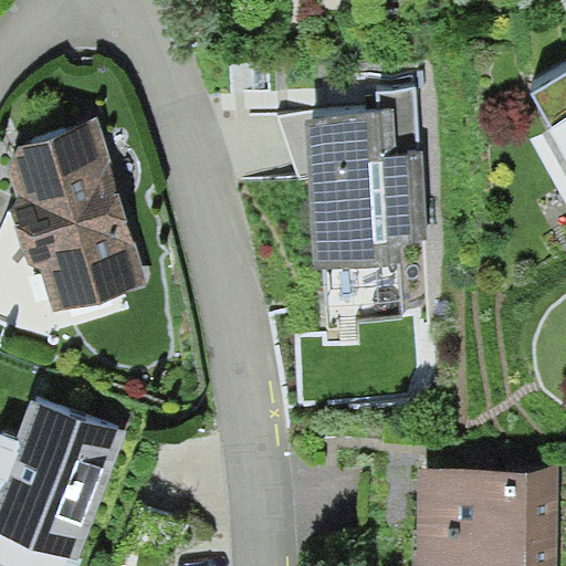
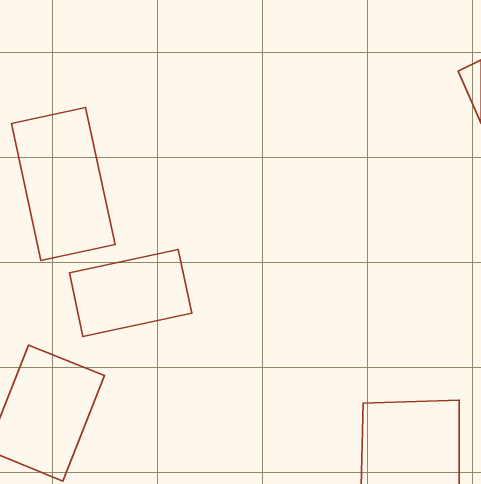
building: [294,101,426,281] -> none
building: none -> [69,250,192,337]

